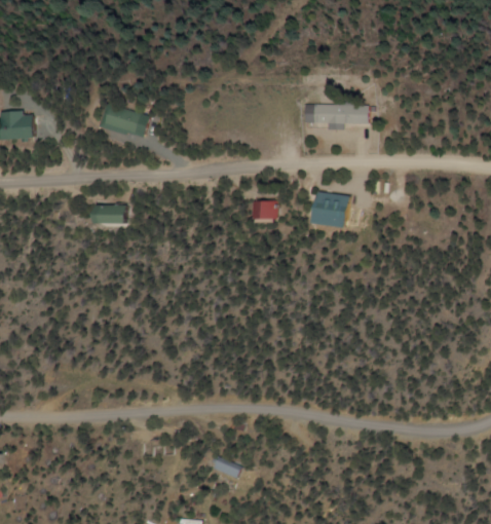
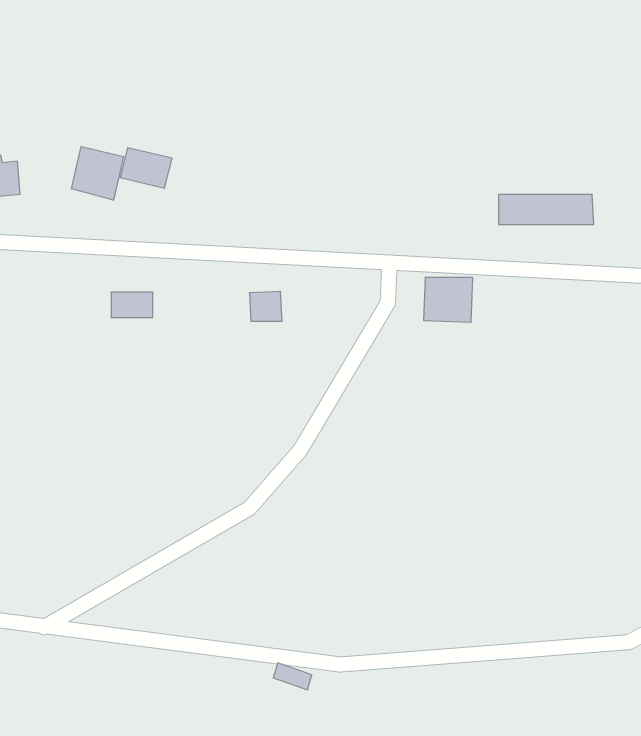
building: [300,105,366,125] -> [499,195,594,224]
building: none -> [71,147,124,200]
building: [251,201,273,222] -> [249,291,282,321]

